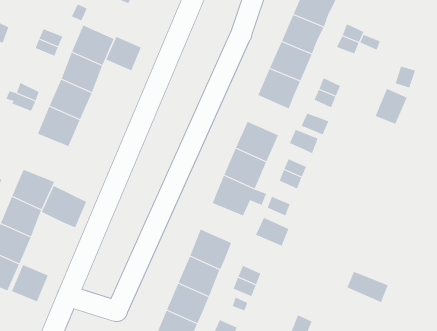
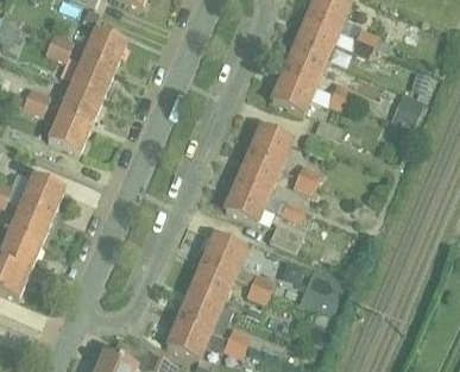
building: [106,36,141,71] -> none
building: [41,185,87,228] -> none
building: [11,264,49,302] -> none
building: [346,271,389,303] -> [298,285,341,317]

